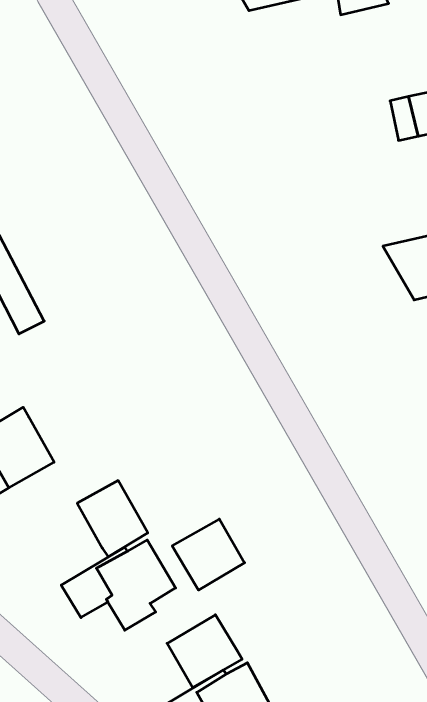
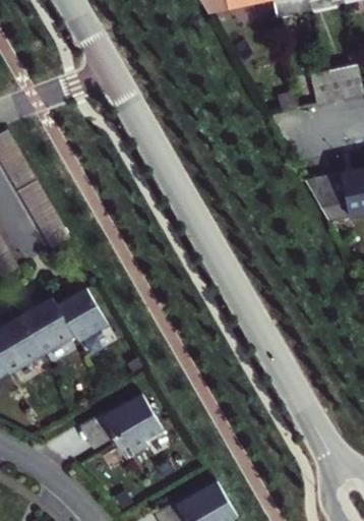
building: [77,481,148,557] -> [55,289,106,344]
building: [172,519,245,590] -> none
building: [167,615,242,687] -> none

